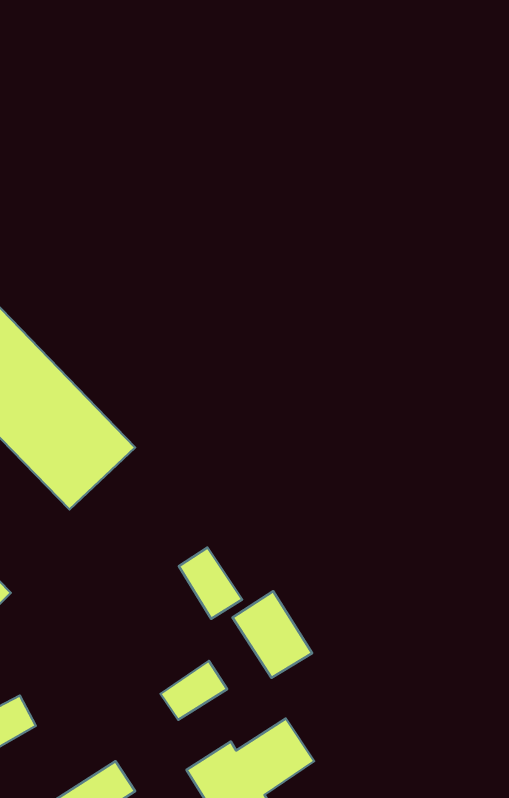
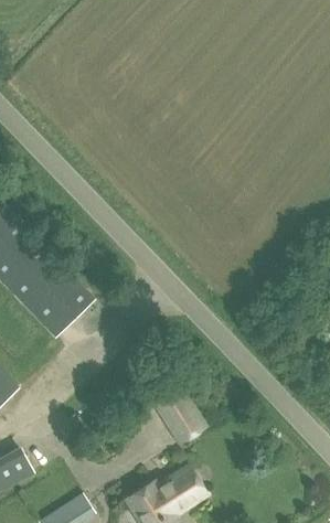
building: [179,547,242,619] -> none
building: [161,661,227,720] -> none

